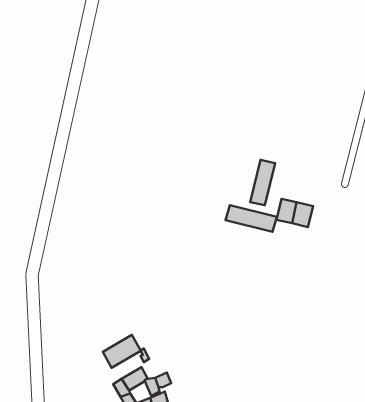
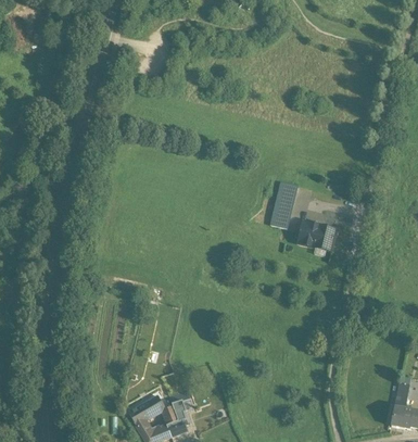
building: [226,205,277,232] -> none
building: [103,335,141,368] -> none

